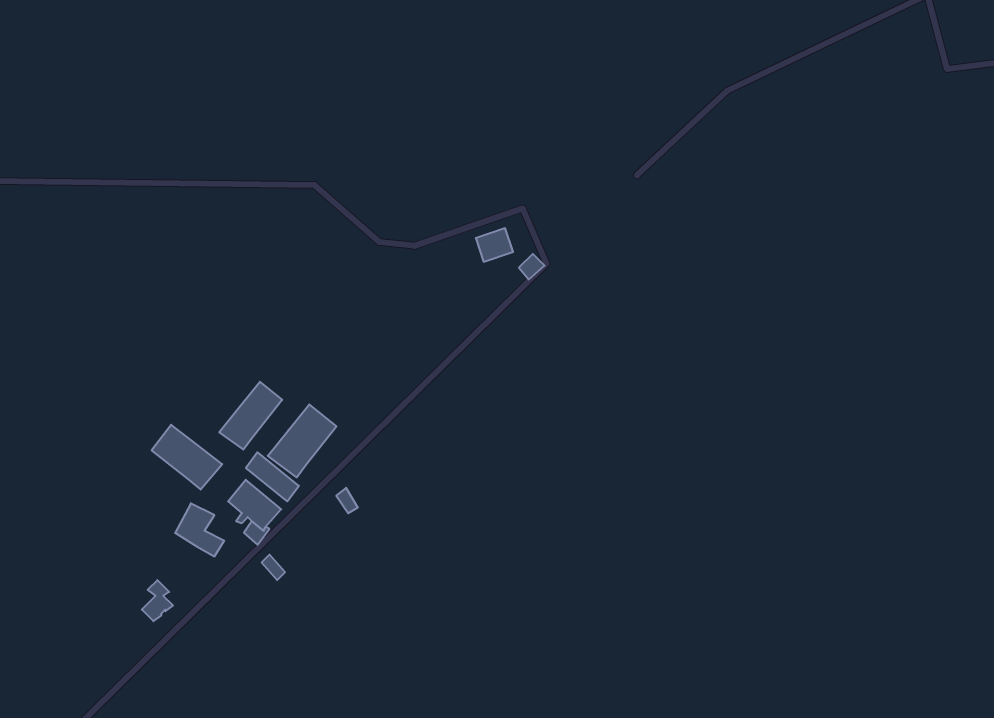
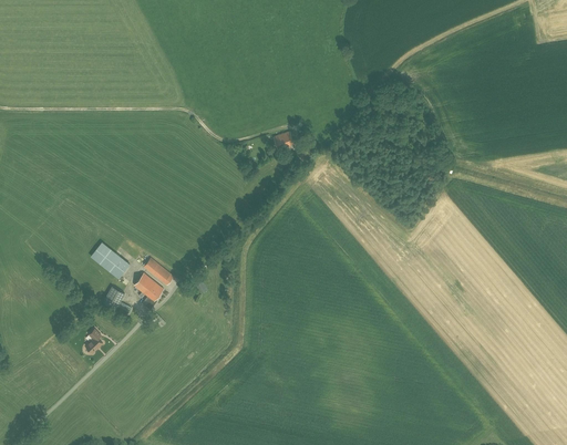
building: [219,382,282,450] -> none
building: [268,404,336,477] -> none

